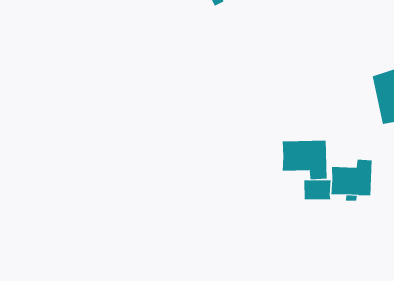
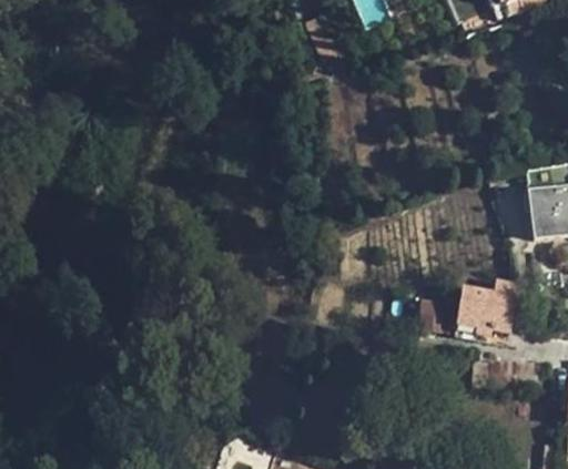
building: [282,140,327,180] -> none

